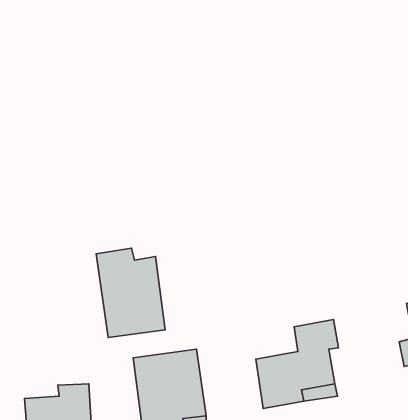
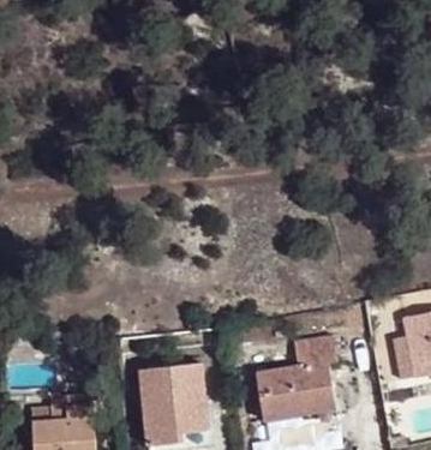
building: [96,248,165,338] -> none

